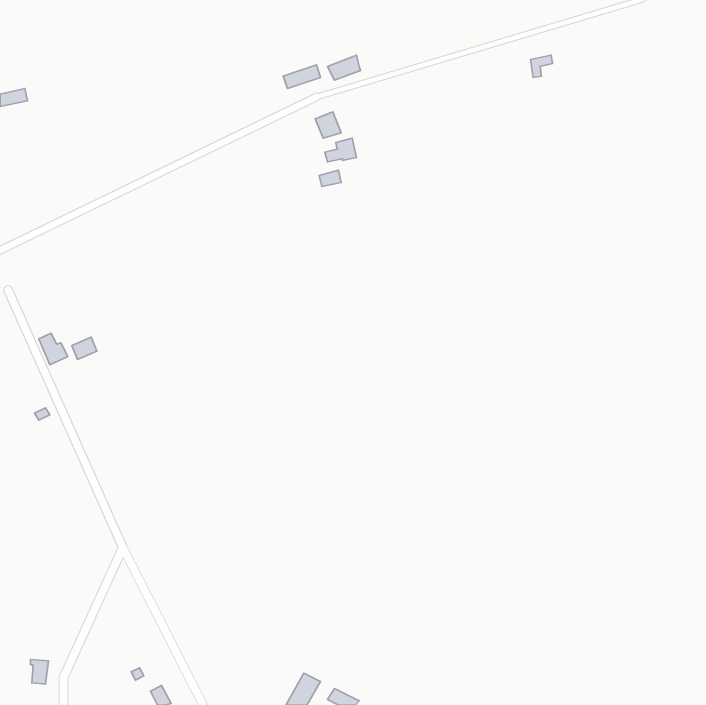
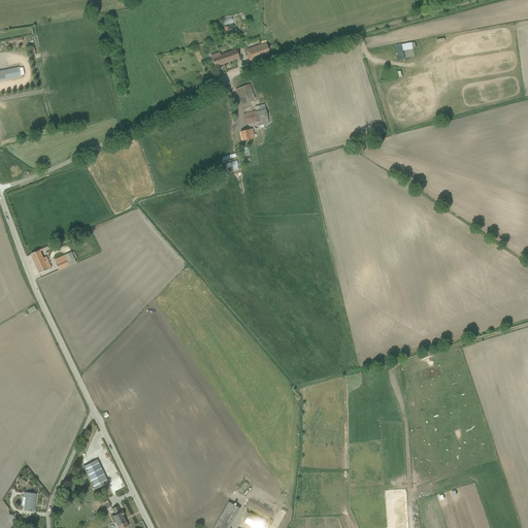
building: none -> [84,459,107,489]

